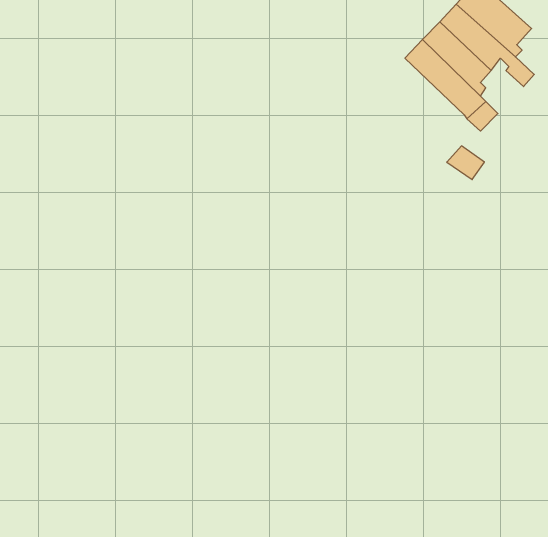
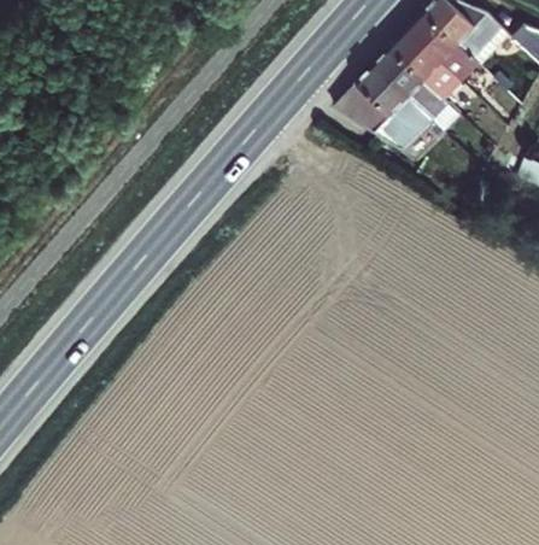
building: none -> [338,61,430,146]

